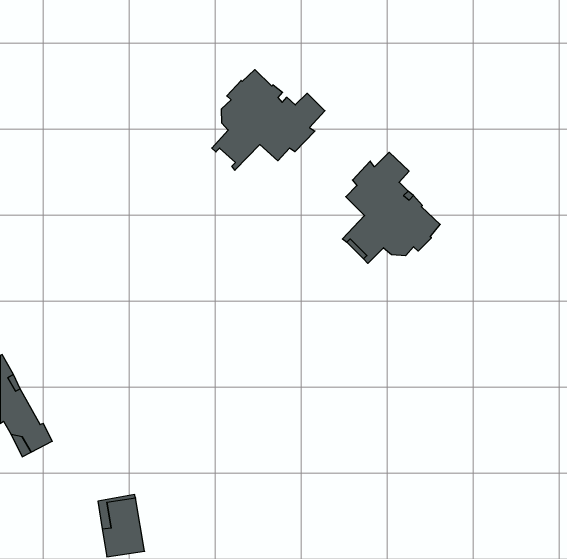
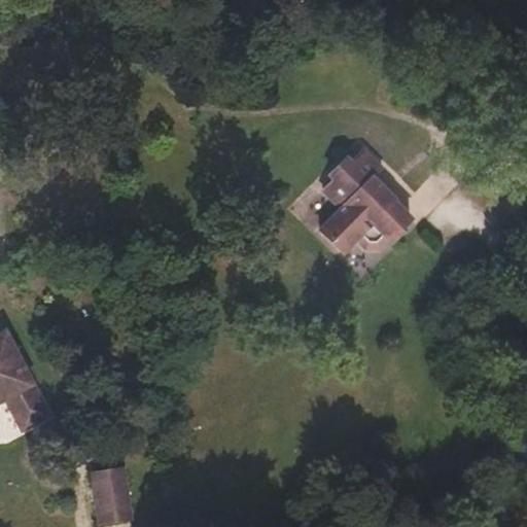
building: [212,70,325,170] -> none

